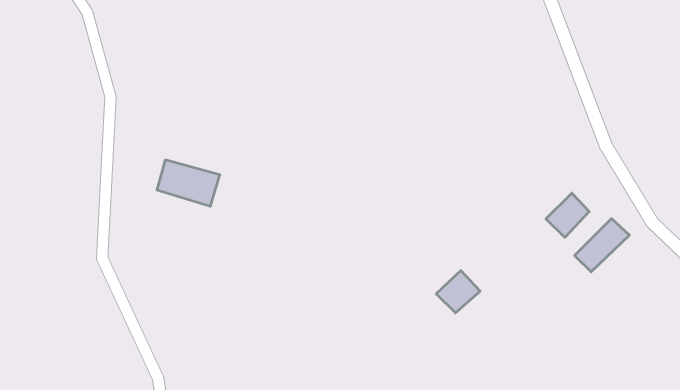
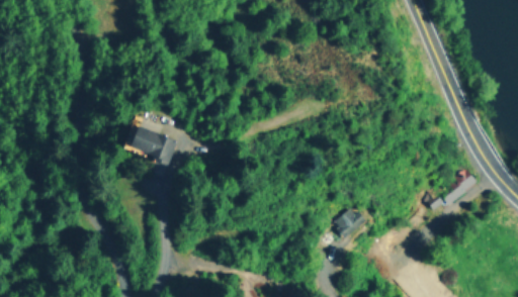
building: [546,193,589,237] -> none

